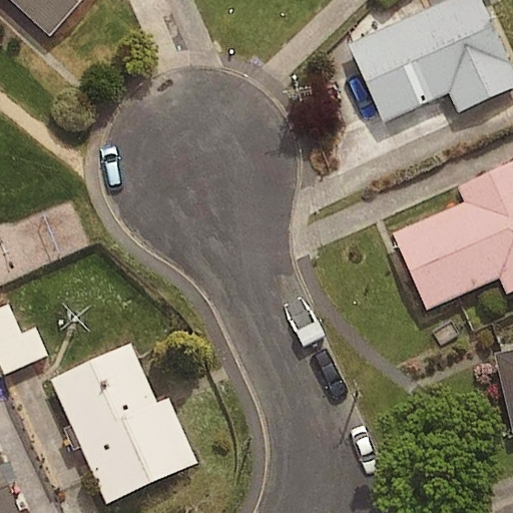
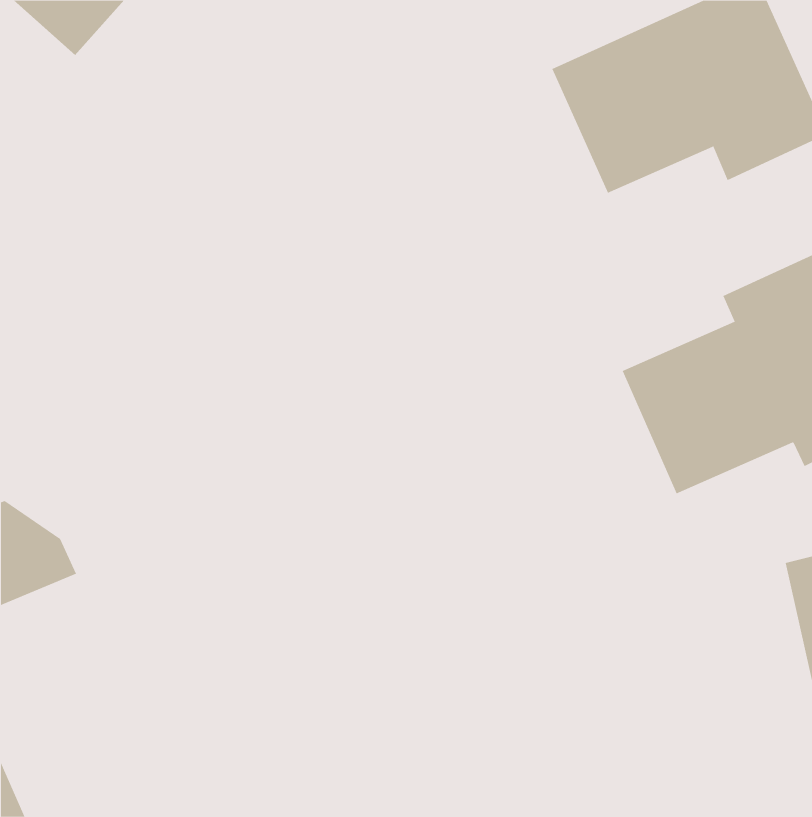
building: [51,345,197,503] -> none

